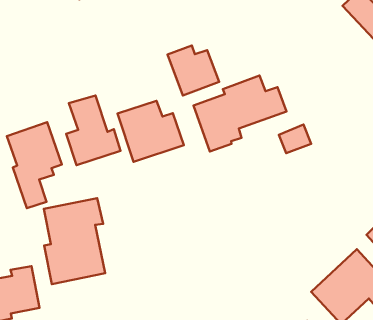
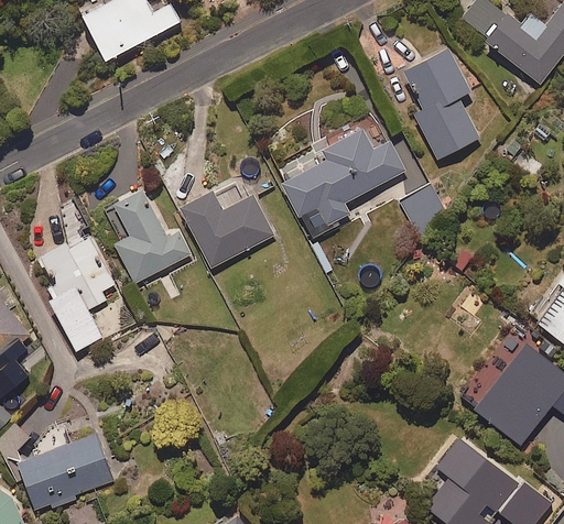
building: none -> [404,48,479,160]
building: [167,46,219,96] -> none
building: [44,198,105,284] -> none

